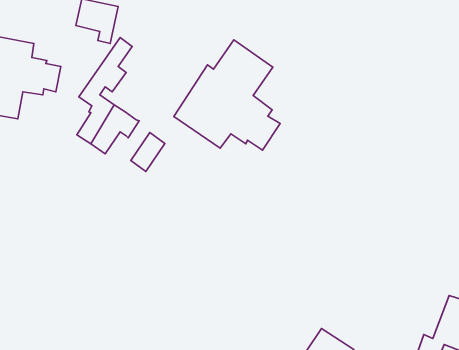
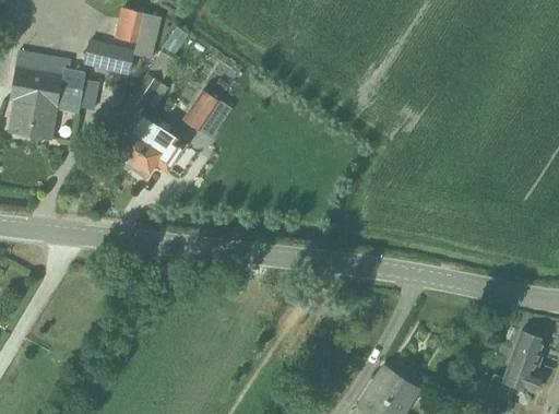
building: none -> [85,38,139,75]
building: [174,40,280,150] -> none
building: [131,132,165,172] -> [185,88,222,131]

